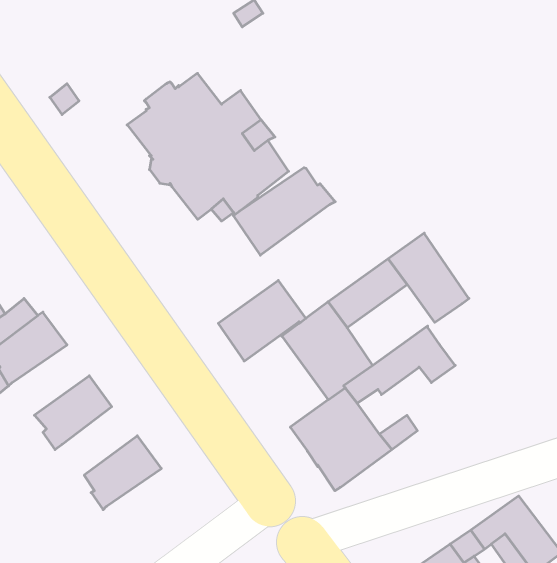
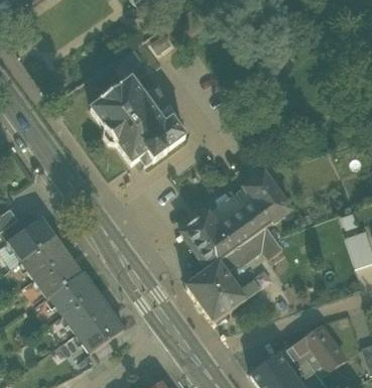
building: [233,168,335,255] -> none
building: [218,280,306,361] -> [219,202,270,249]
building: none -> [22,237,68,279]
building: none -> [51,272,96,314]
building: none -> [78,309,123,353]

